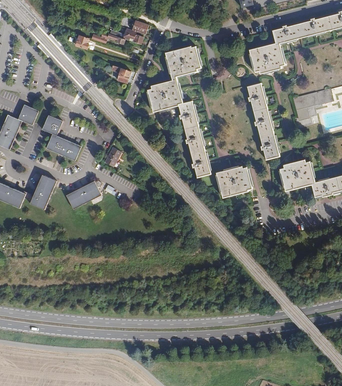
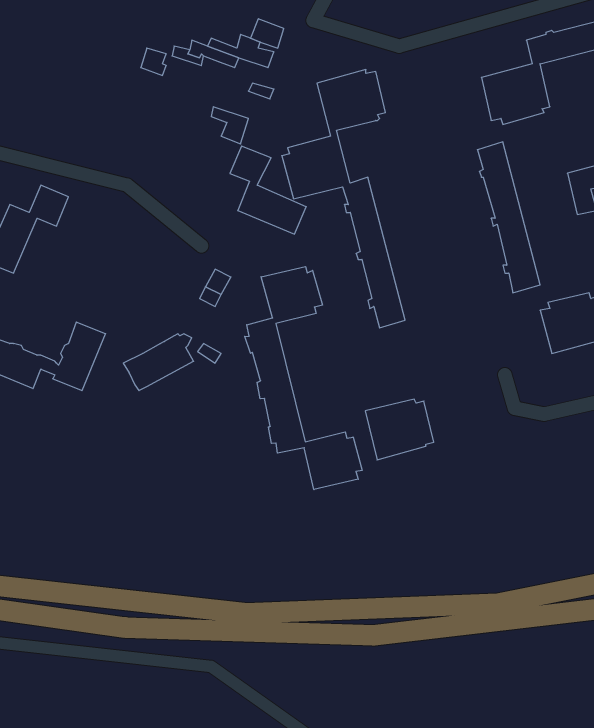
building: [42,115,81,160] -> [230,146,306,234]
building: none -> [245,267,362,490]
building: [216,166,251,197] -> [365,399,434,460]

